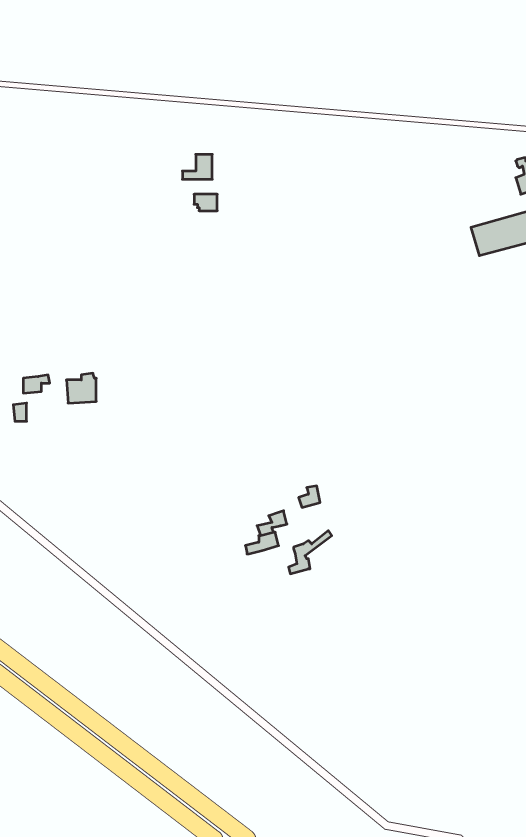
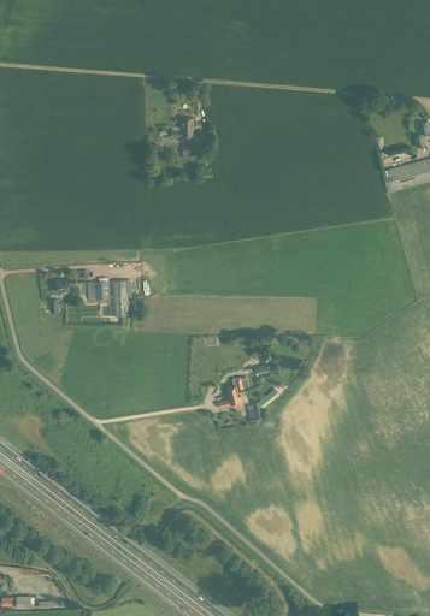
building: none -> [111,280,130,315]

